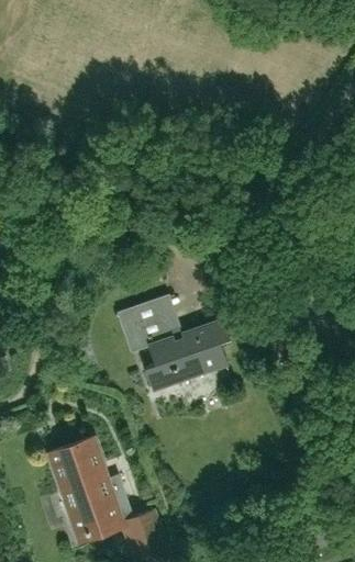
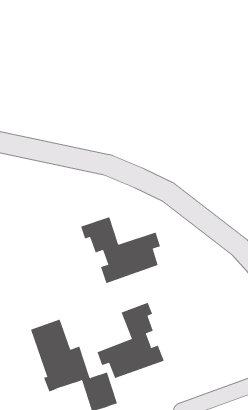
building: none -> [97,301,164,379]

